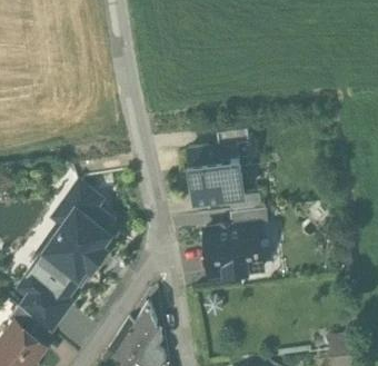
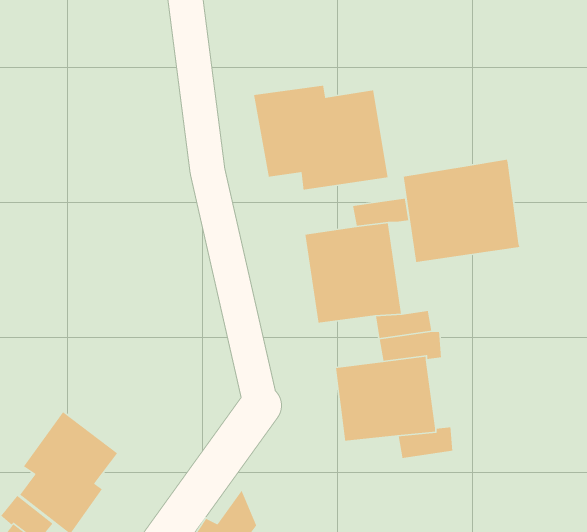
building: none -> [253,85,389,191]
building: none -> [403,159,520,263]
building: [43,191,112,284] -> none

